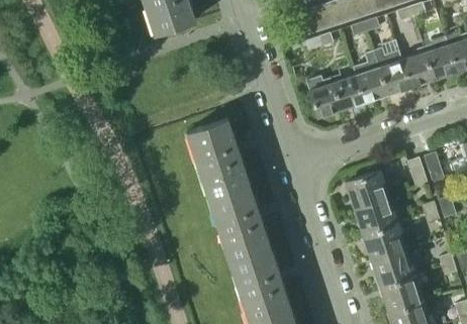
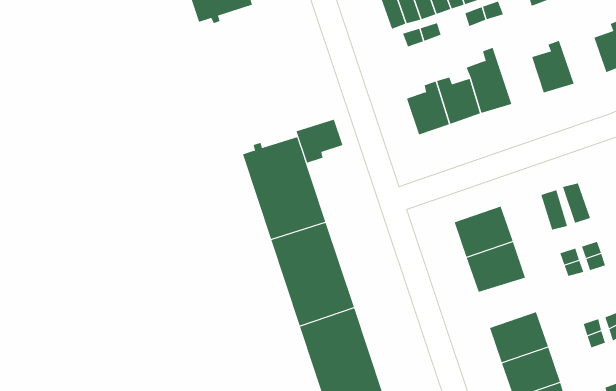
building: [423,36,457,79] -> none
building: [373,47,410,94] -> none
building: none -> [296,119,343,164]
building: [362,223,405,260] -> none

